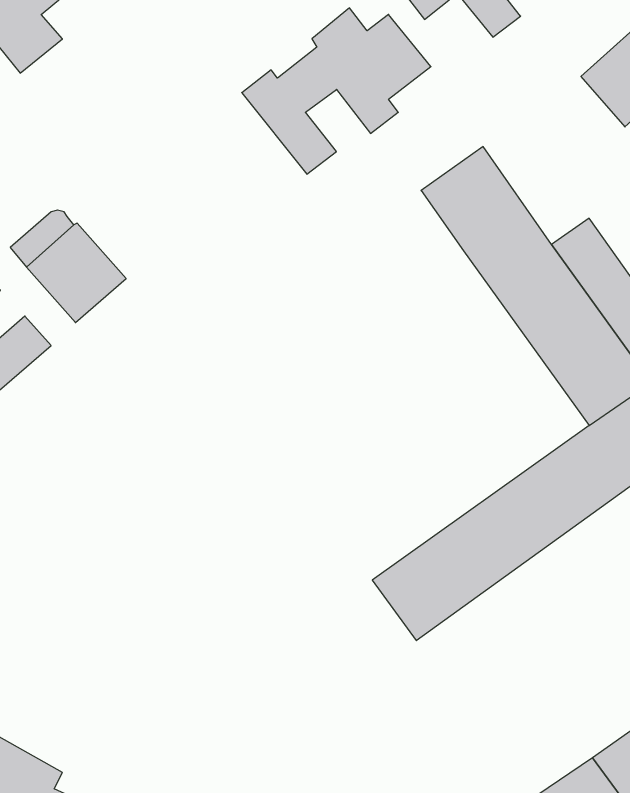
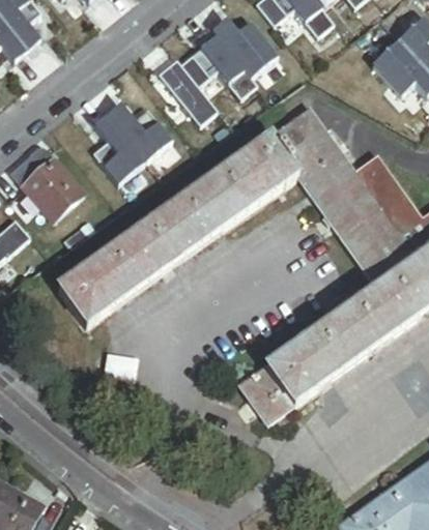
building: none -> [90,104,169,183]
building: none -> [58,136,296,325]

